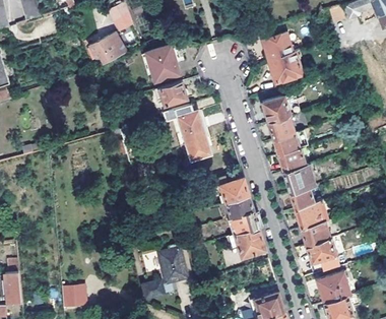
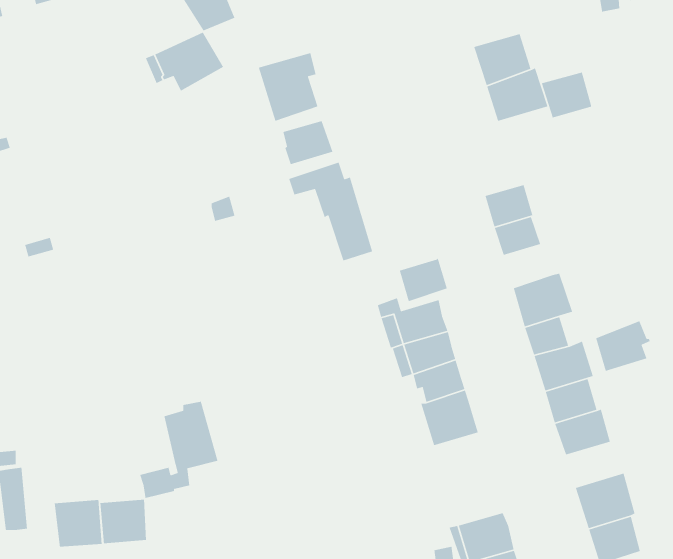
building: [262,97,290,122] -> [541,71,592,119]
building: [278,147,305,172] -> [399,257,448,302]
building: none -> [595,320,651,372]
building: [144,245,187,298] -> [139,401,218,499]
building: none -> [54,499,103,547]

